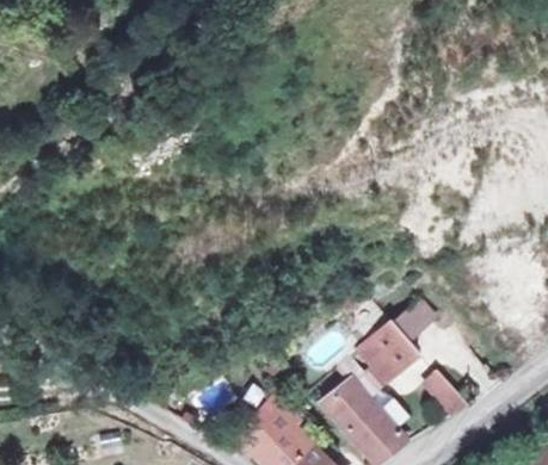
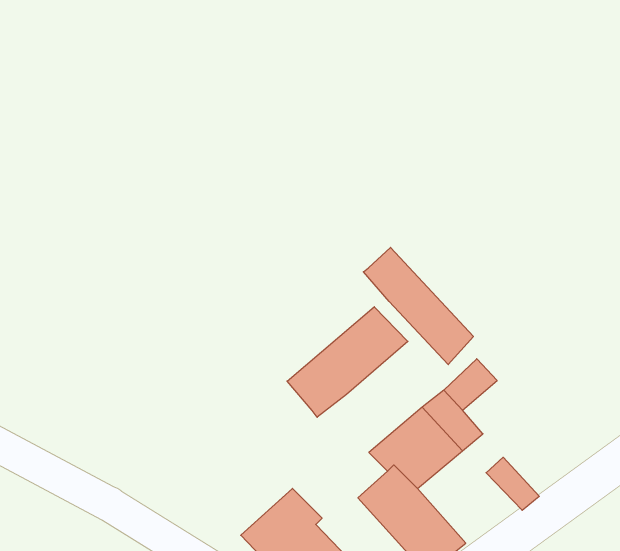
building: none -> [363,247,473,365]
building: none -> [287,307,408,417]

